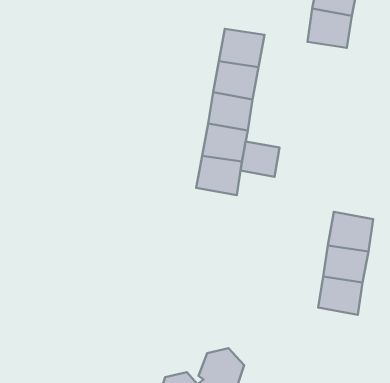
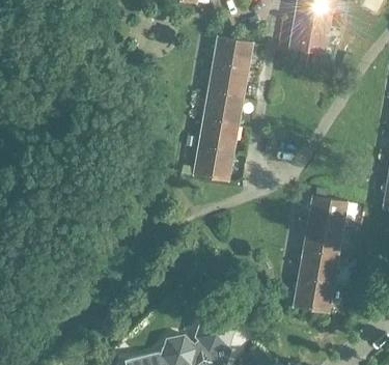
building: [241,141,280,177] -> none
building: none -> [294,279,333,313]

